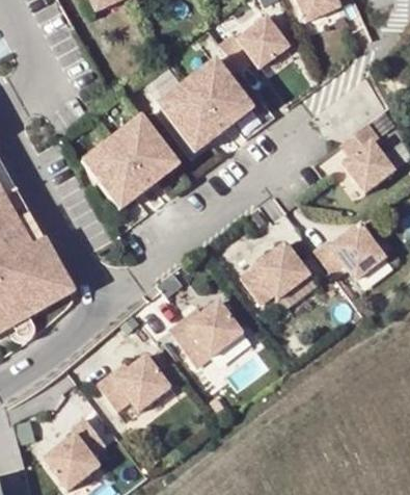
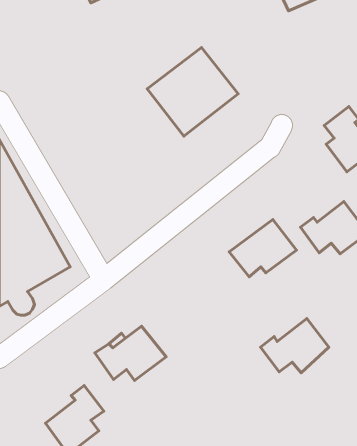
building: [217,17,285,71] -> none
building: [82,116,177,210] -> none
building: [171,298,243,356] -> [260,319,329,373]

